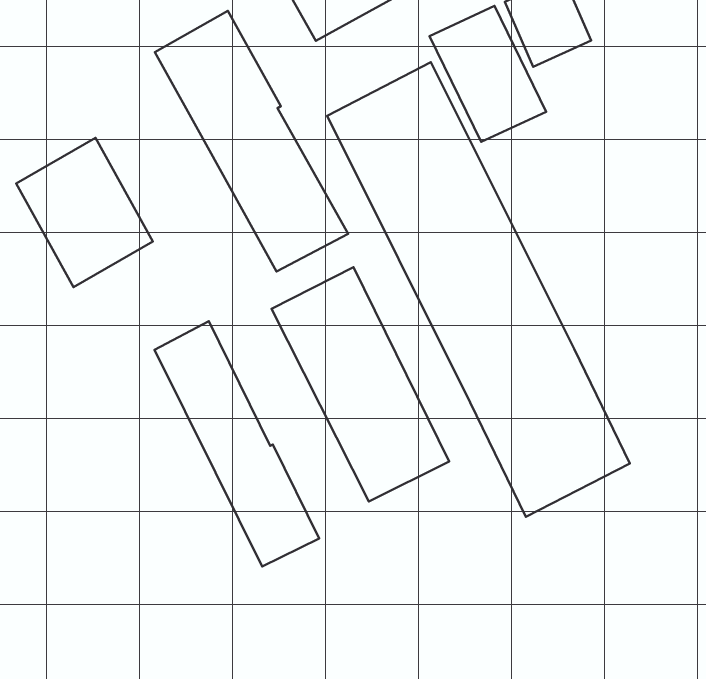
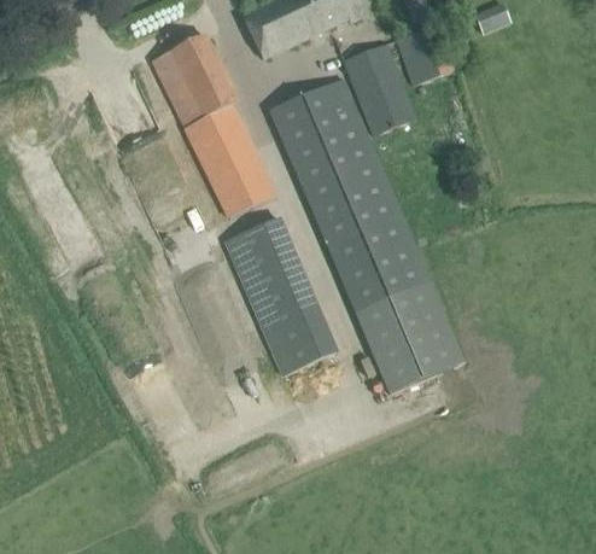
building: [16,138,153,287] -> none
building: [155,321,319,567] -> none

